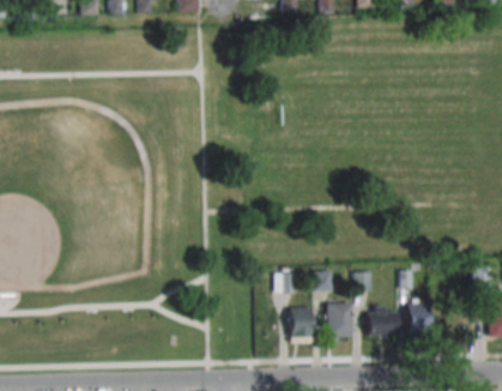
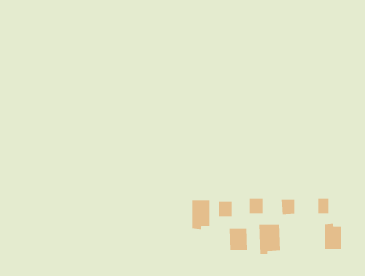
building: none -> [192,200,210,230]
building: [369,305,400,337] -> none

